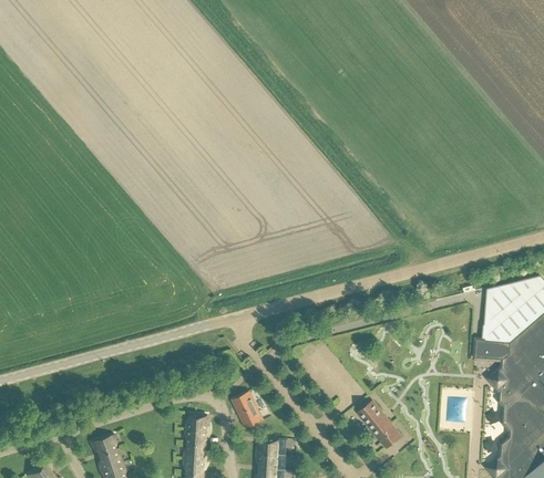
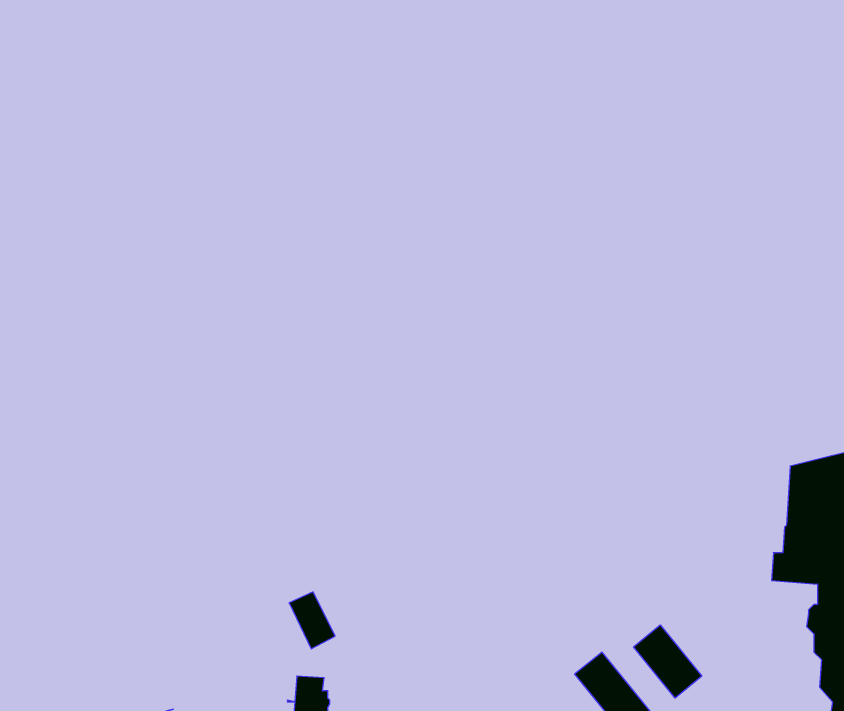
building: none -> [634,625,702,698]
building: [234,393,261,427] -> [289,592,335,649]

